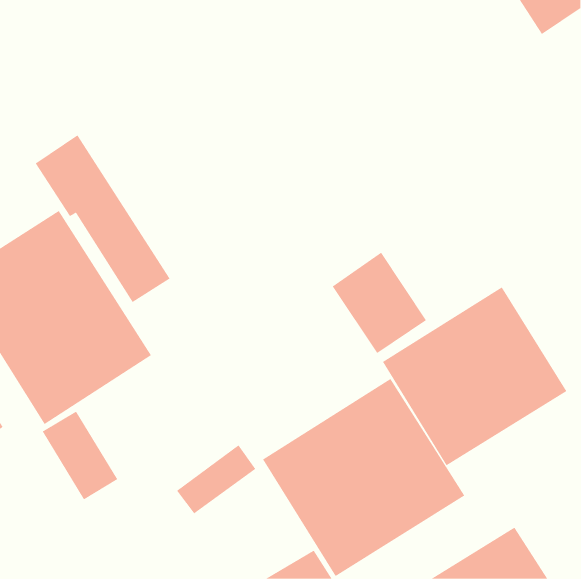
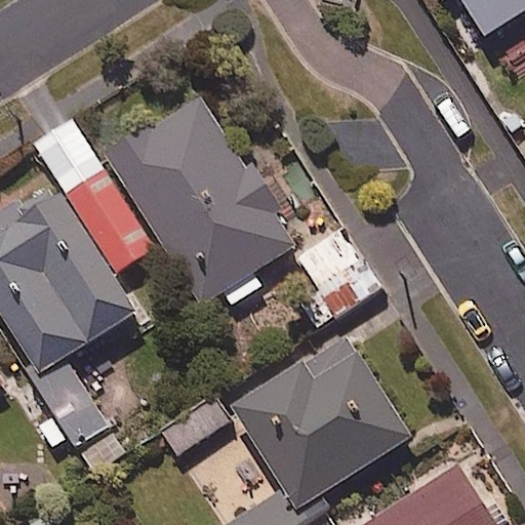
building: none -> [105,96,294,305]
building: [382,287,567,466] -> none

